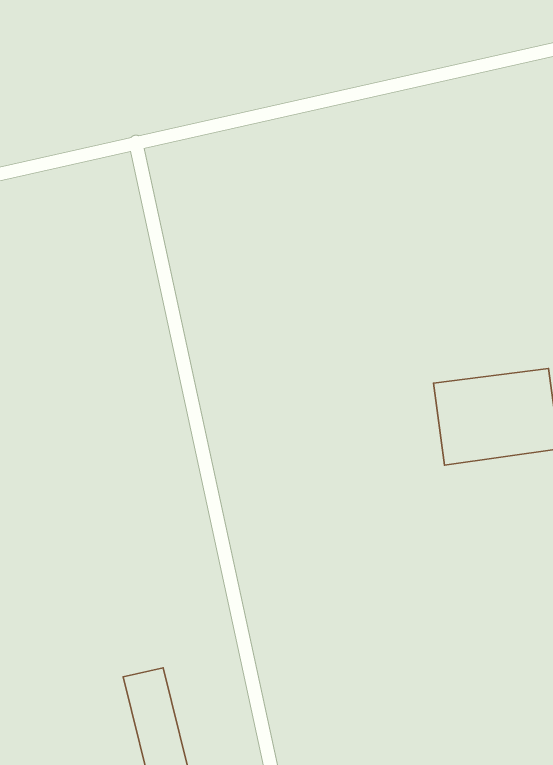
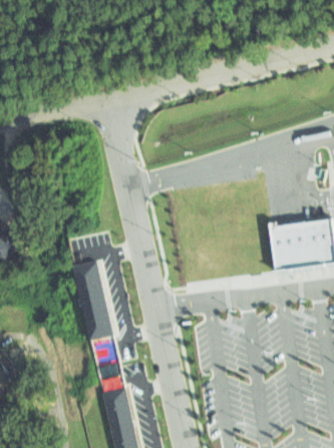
building: none -> [71,259,112,338]

